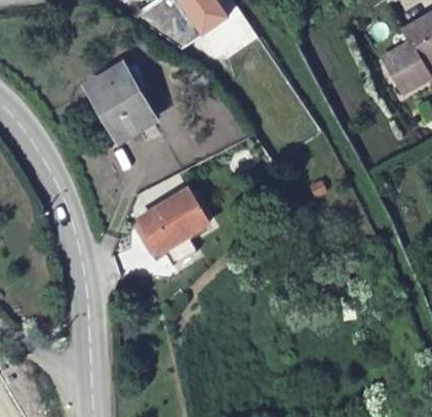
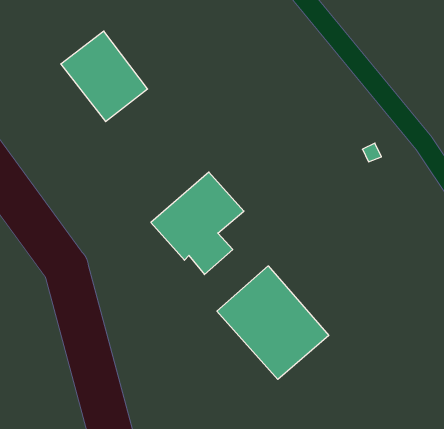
building: none -> [217,266,329,379]

